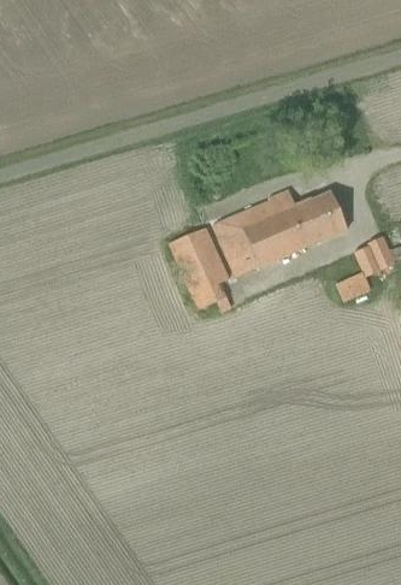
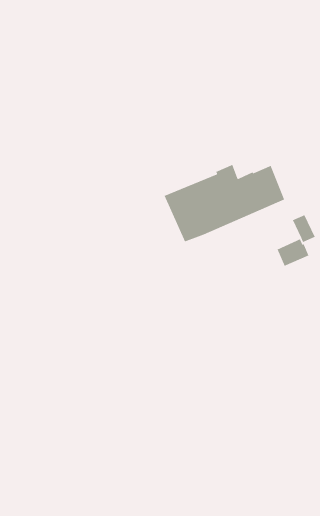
building: [170,224,231,309] -> none

